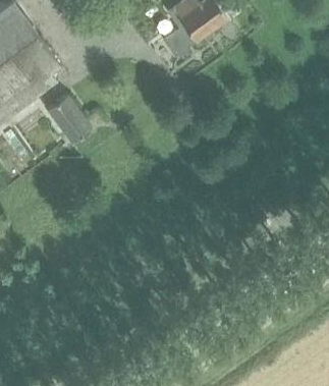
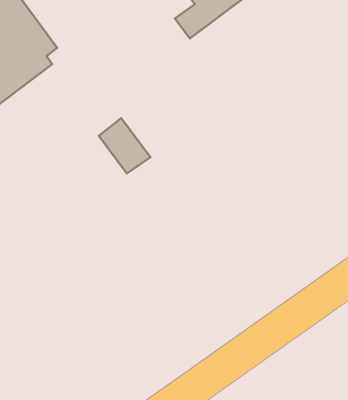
building: [47,95,92,143] -> [99,118,150,174]

